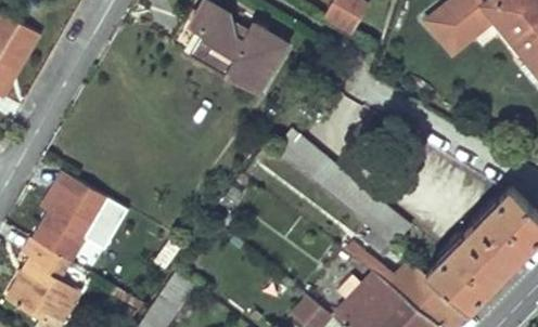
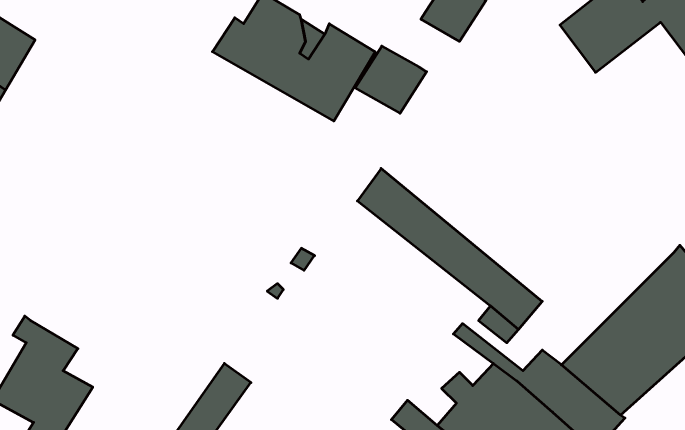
building: none -> [355,46,427,113]
building: [35,175,118,265] -> none

